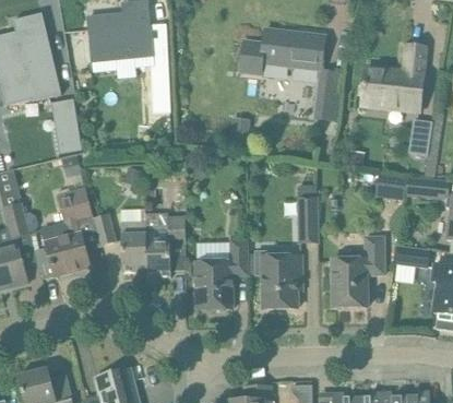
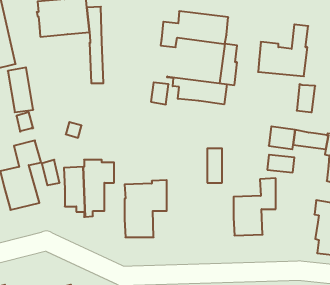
building: none -> [167,76,227,104]
building: [396,246,430,268] -> [267,155,294,172]
building: [249,249,302,308] -> none

